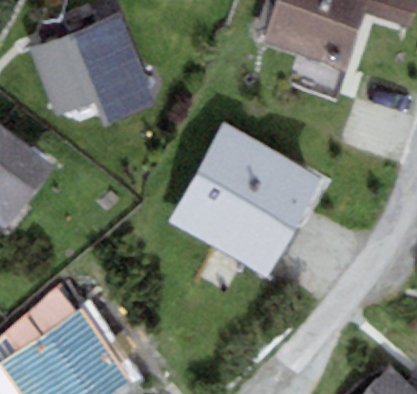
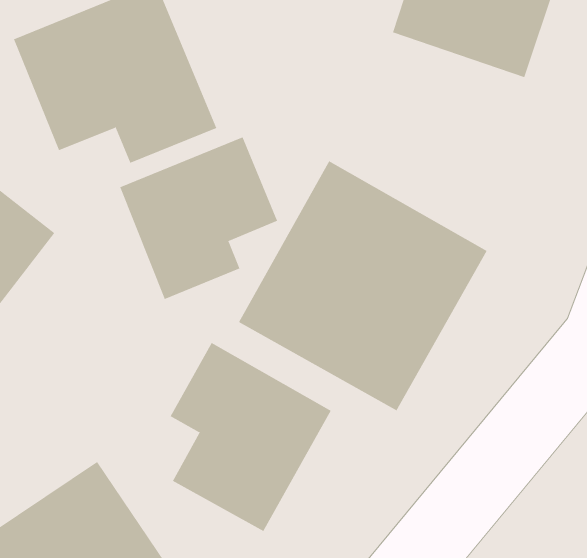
building: none -> [119,136,278,300]
building: none -> [170,342,332,532]

